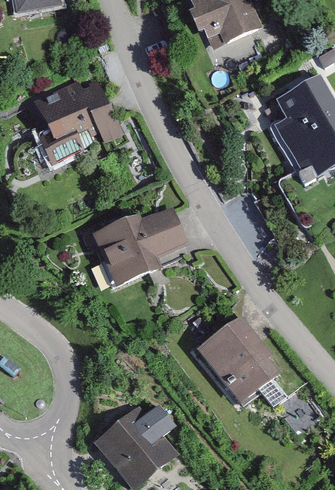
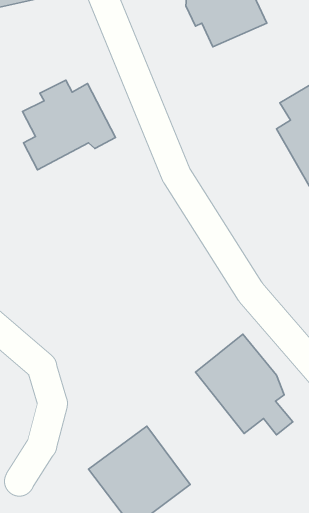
building: [90,205,188,288] -> none

